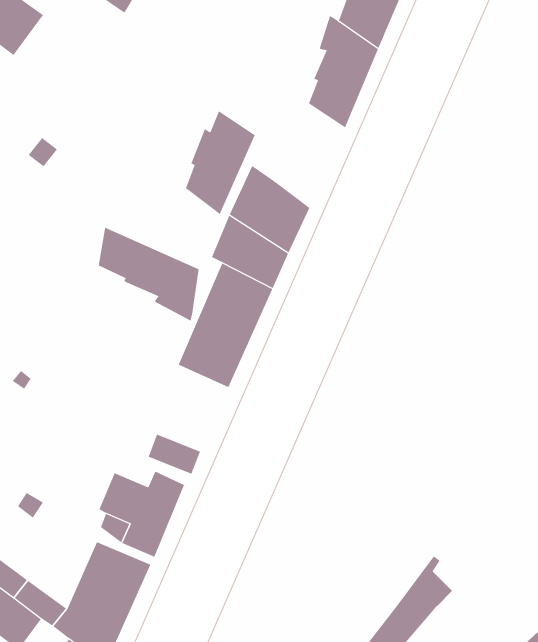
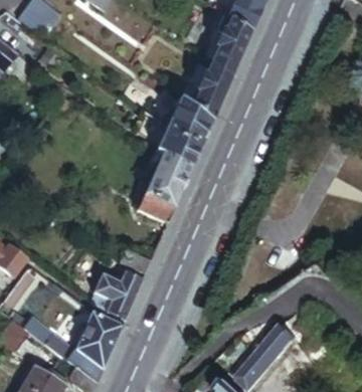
building: [185,111,256,215] -> [193,61,233,121]
building: [98,227,199,322] -> none

